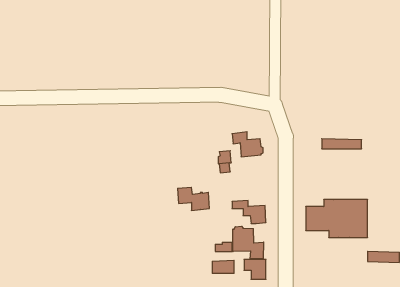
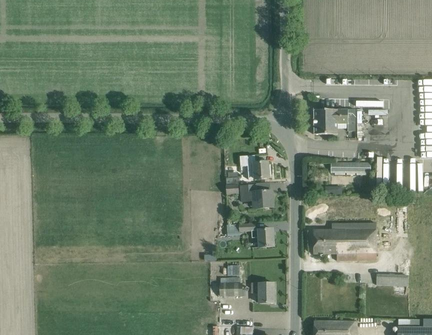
building: none -> [314,108,355,134]
building: [178,187,209,210] -> [241,185,273,208]
building: [233,226,264,259] -> none

